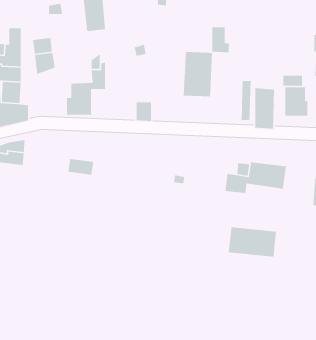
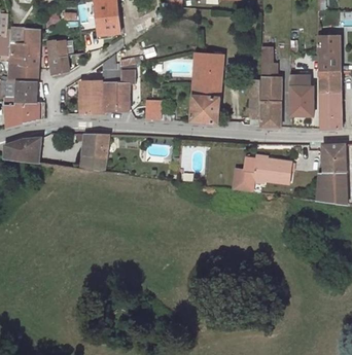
building: [211,26,230,53] -> [260,63,278,88]
building: none -> [104,64,135,112]
building: none -> [190,96,218,123]
building: none -> [76,134,108,158]
building: [228,226,277,257] -> none

